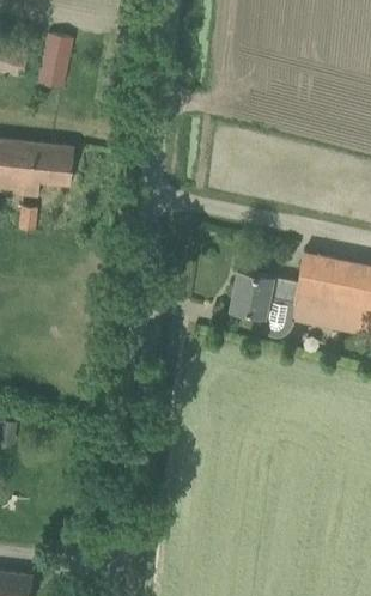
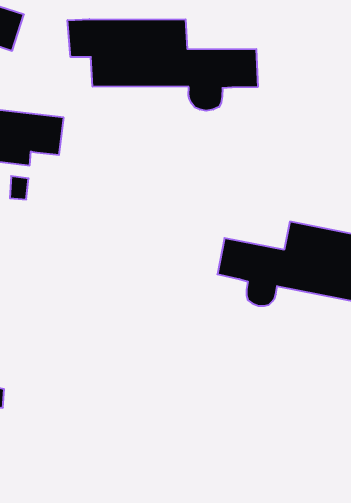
building: [39,34,69,87] -> none
building: none -> [68,19,258,111]

